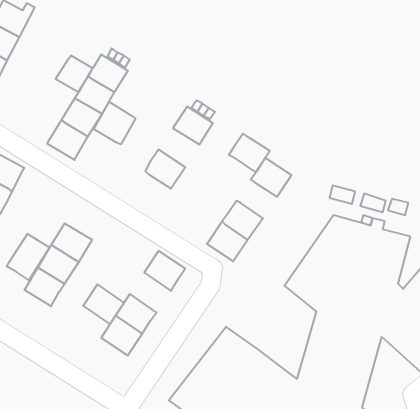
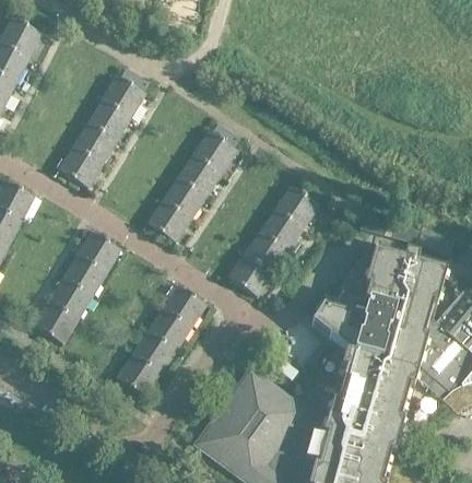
building: [56,55,92,92] -> none
building: [94,102,135,144] -> none
building: none -> [177,155,221,197]
building: [229,133,270,172] -> [260,210,304,251]
building: none -> [146,201,190,244]
building: none -> [76,233,120,274]
building: [7,234,50,280] -> none
building: [83,284,124,324] -> [146,309,190,352]

